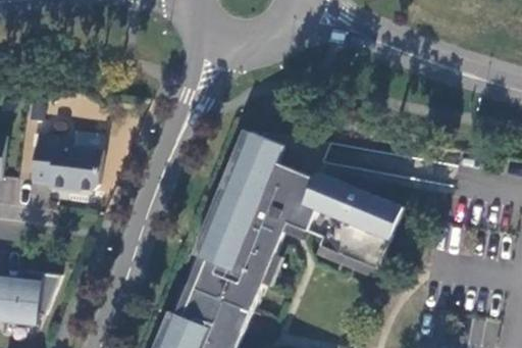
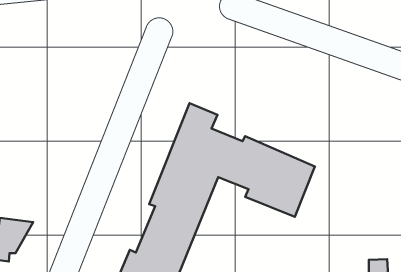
building: [29,133,100,189] -> none

